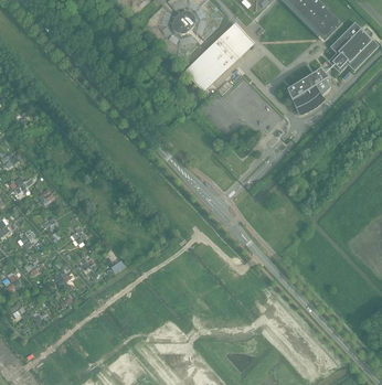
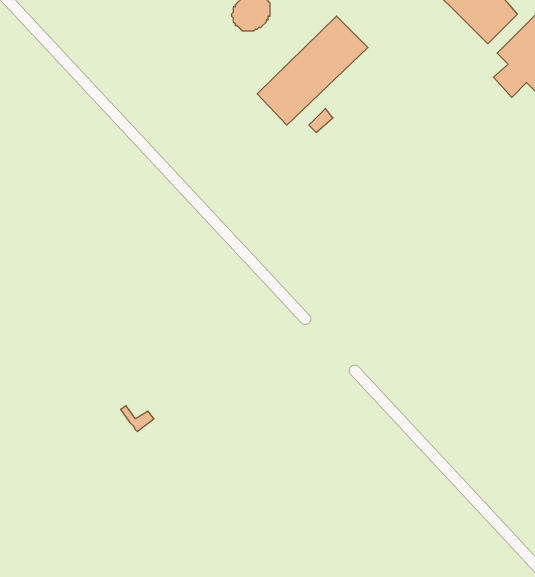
building: [286,68,330,116] -> none

